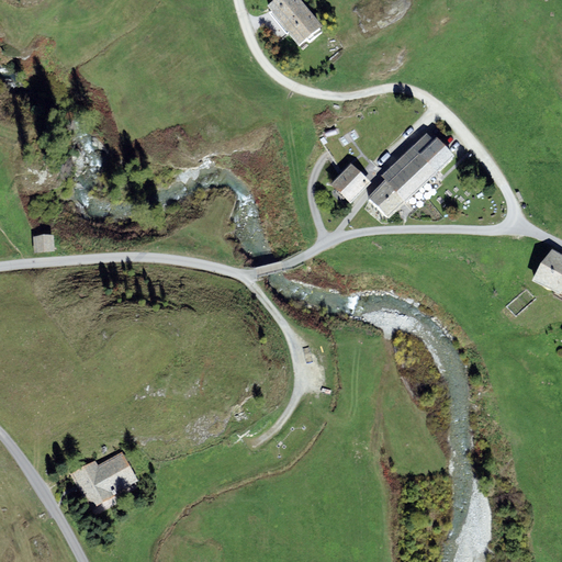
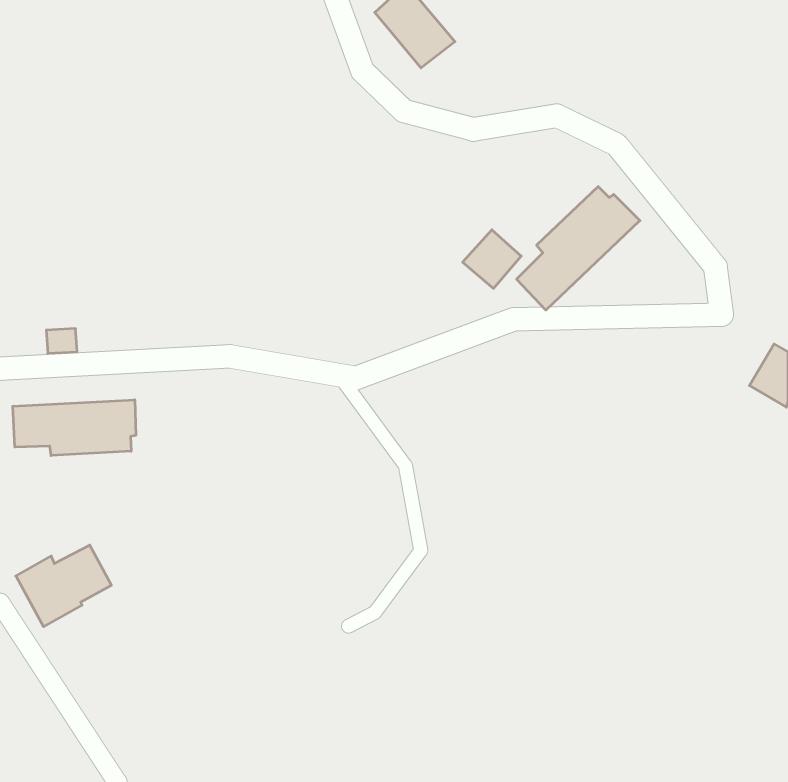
building: none -> [13,400,136,456]
building: [70,448,138,506] -> [16,545,111,627]

